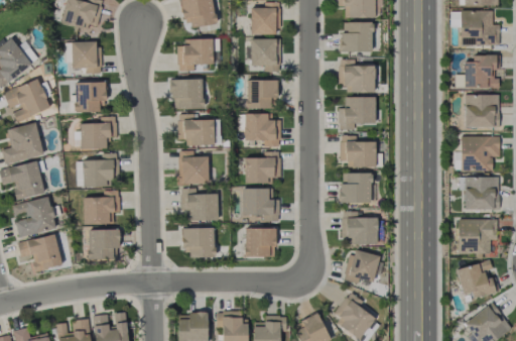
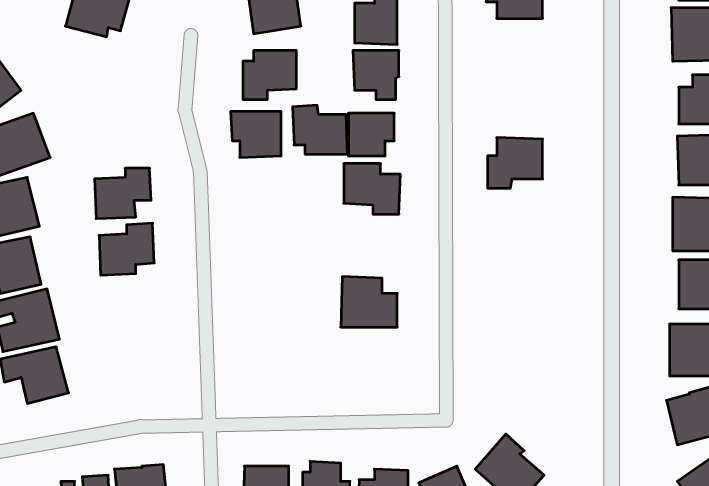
building: [341,21,373,52] -> none
building: [72,40,100,74] -> none
building: [339,59,375,93] -> none
building: [75,82,106,111] -> none
building: [177,113,214,145] -> [293,105,348,154]
building: [340,135,376,165] -> none
building: [178,150,209,184] -> none
building: [244,151,280,184] -> none
building: [340,173,372,203] -> none
building: [180,188,218,220] -> none
building: [83,190,120,224] -> none
building: [342,211,377,244] -> none
building: [181,227,215,257] -> none
building: [244,228,275,256] -> none
building: [88,229,120,259] -> none
building: [344,248,379,286] -> none

